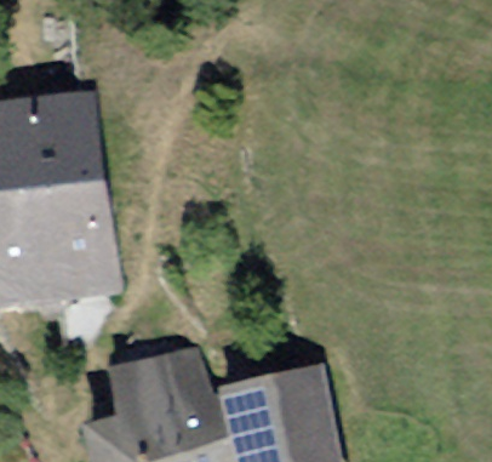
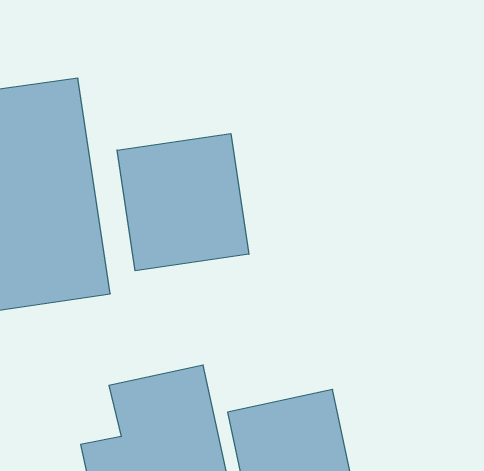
building: none -> [117,134,249,271]

